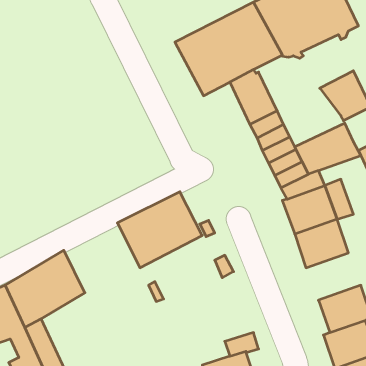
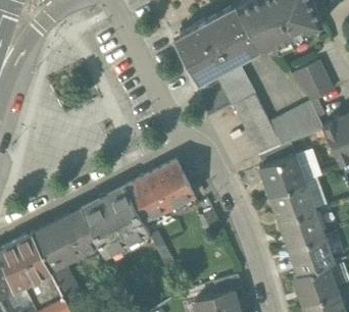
building: none -> [82,186,149,256]
building: none -> [280,210,325,249]

